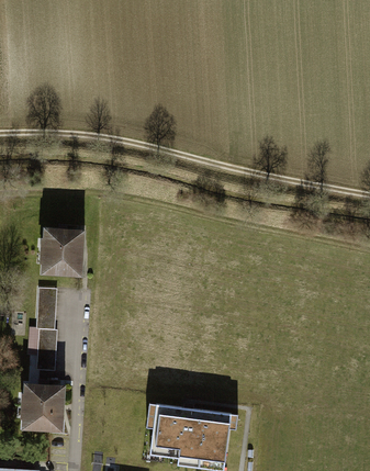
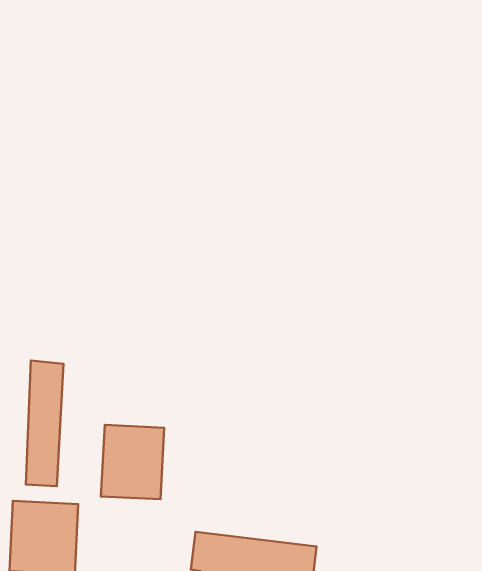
building: [41,227,88,276] -> none
building: none -> [101,425,164,499]

